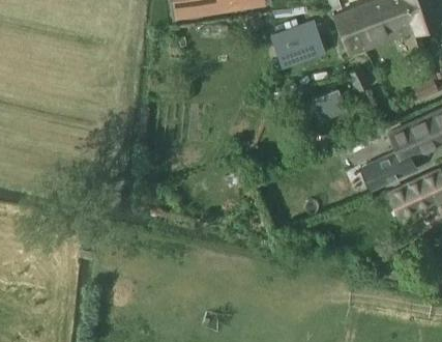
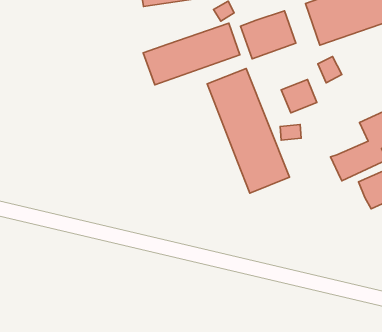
building: none -> [143,23,240,85]
building: none -> [207,69,290,193]

